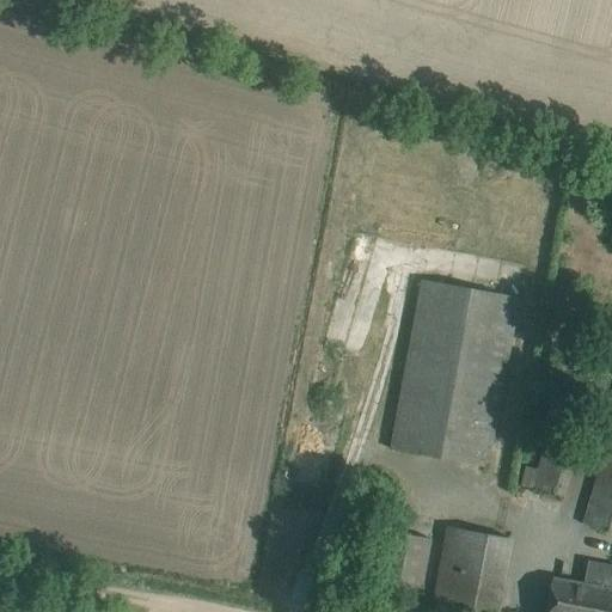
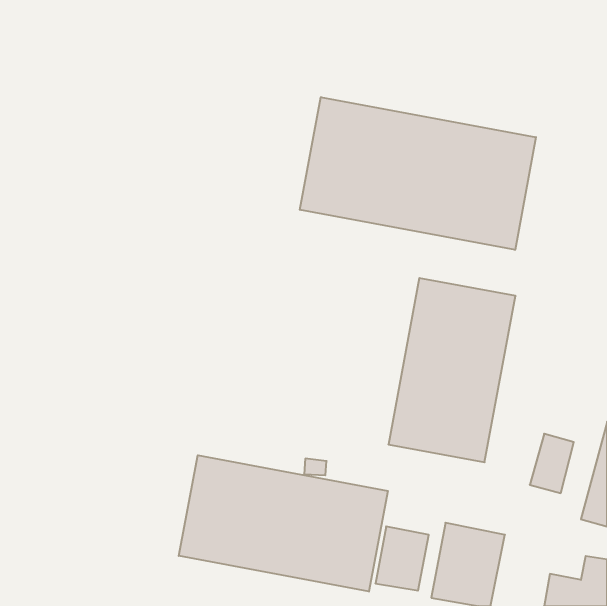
building: none -> [300,97,536,250]
building: none -> [179,455,388,592]

